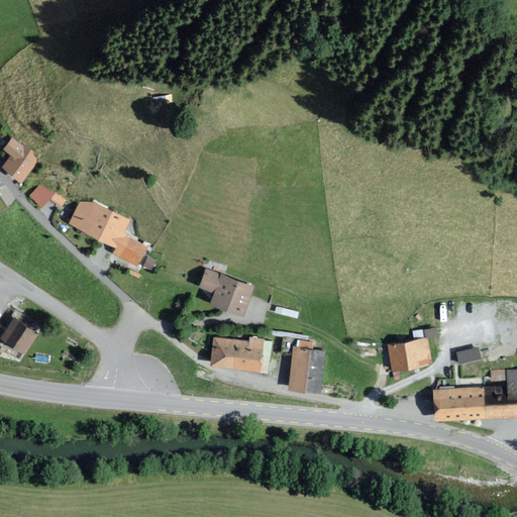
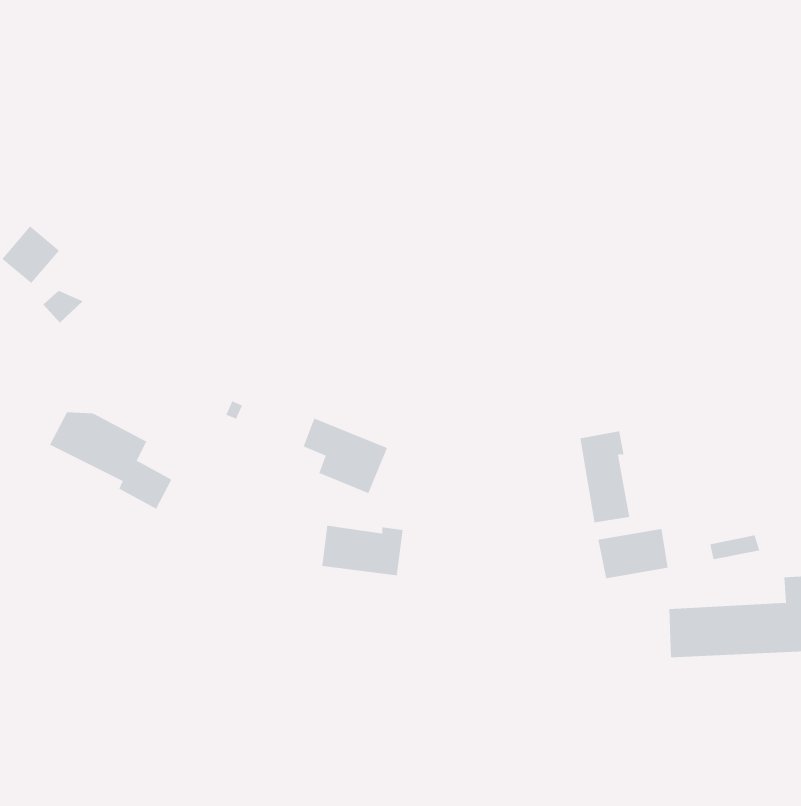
building: [69,202,147,265] -> [49,412,172,509]
building: none -> [580,430,630,523]
building: [7,316,46,353] -> none
building: [286,346,322,392] -> none

